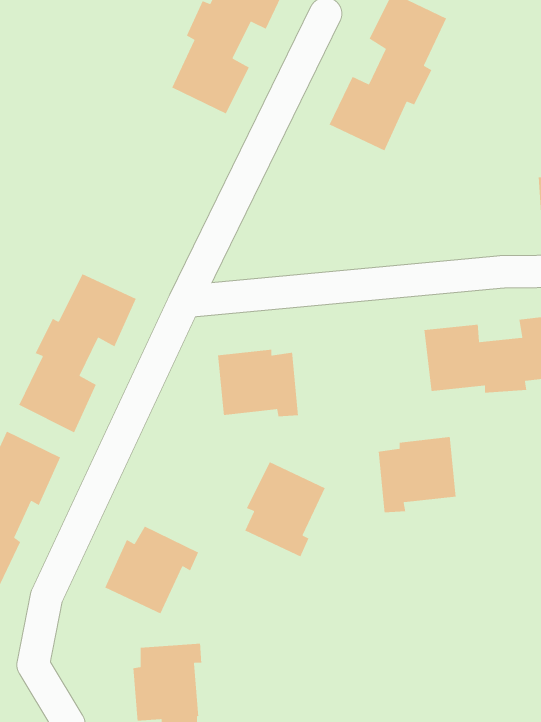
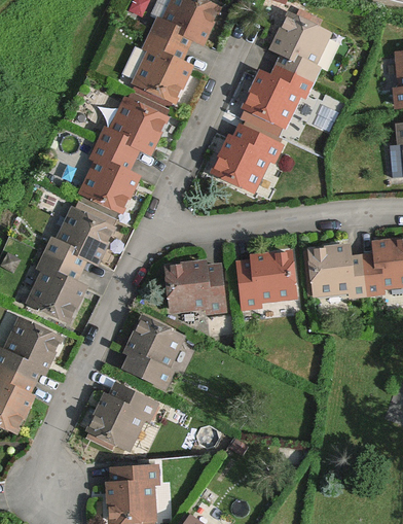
building: none -> [81,101,163,211]
building: none -> [212,129,279,191]
building: [378,436,457,513] -> [239,253,293,307]
building: [244,461,326,557] -> [124,319,181,386]

